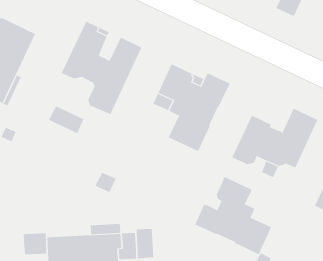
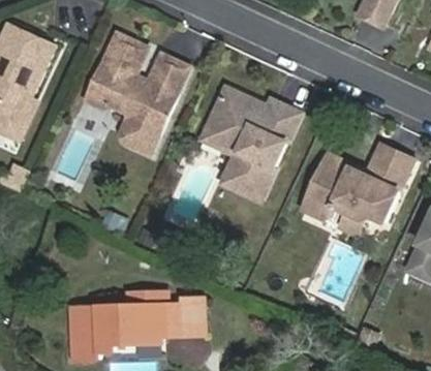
building: [48,106,84,134] -> none
building: [194,176,272,255] -> none
building: [23,233,47,255] -> none

